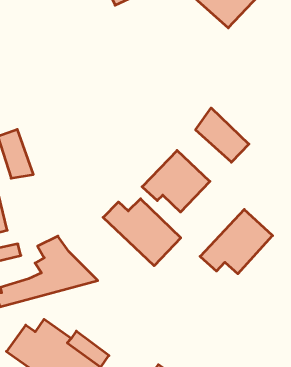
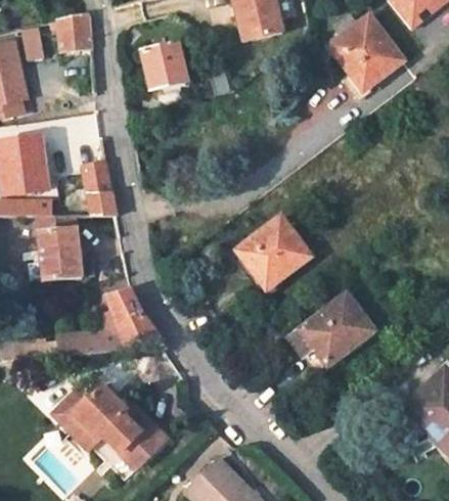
building: none -> [141,44,188,95]
building: [196,108,249,162] -> none
building: [103,199,181,266] -> none

